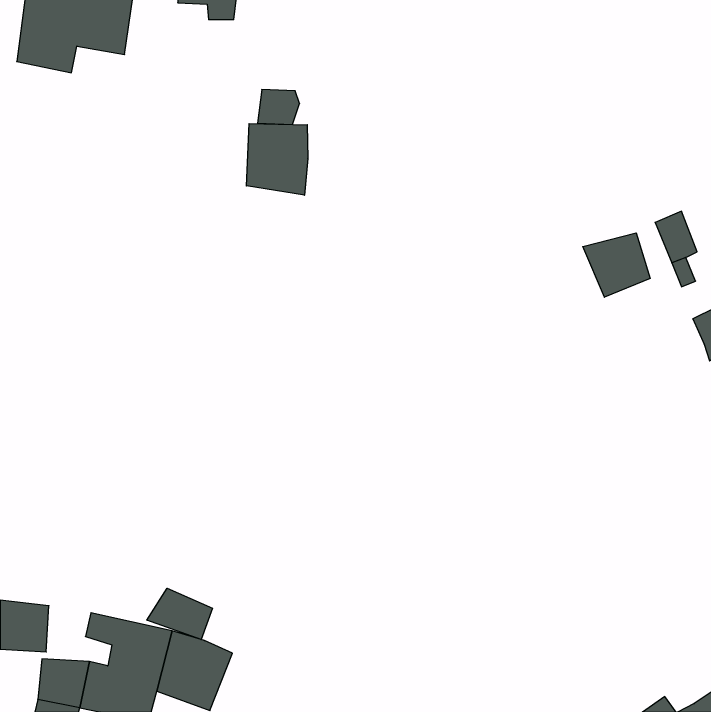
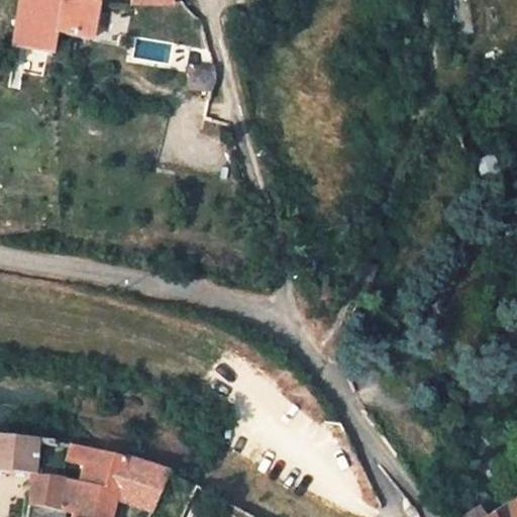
building: [246,124,308,195] -> none
building: [583,233,650,297] -> none
building: [147,588,213,640] -> none

